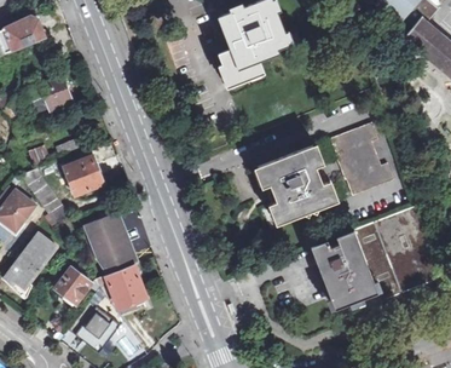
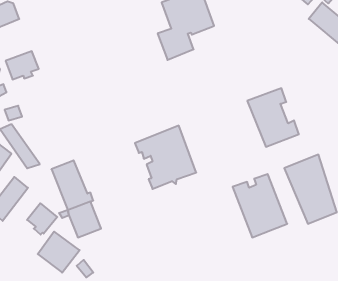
building: [258,145,334,224] -> [135,126,196,189]
building: [64,155,103,194] -> none
building: [354,223,404,307] -> none

